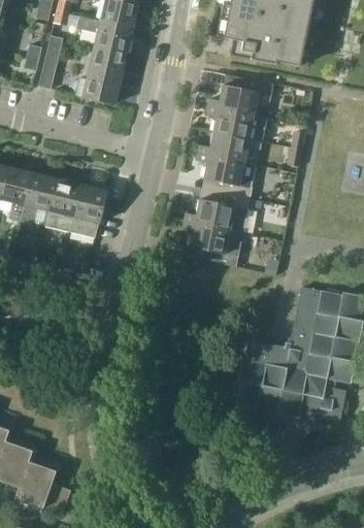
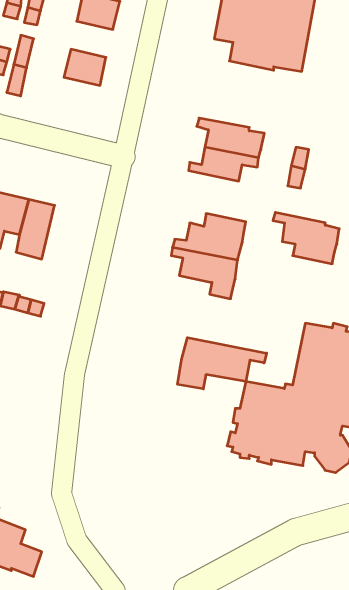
building: [76,15,132,53] -> none
building: [75,70,121,103] -> none
building: [208,76,273,114] -> none
building: [197,153,256,198] -> [273,212,339,264]
building: [69,184,106,237] -> none
building: none -> [178,338,267,389]

